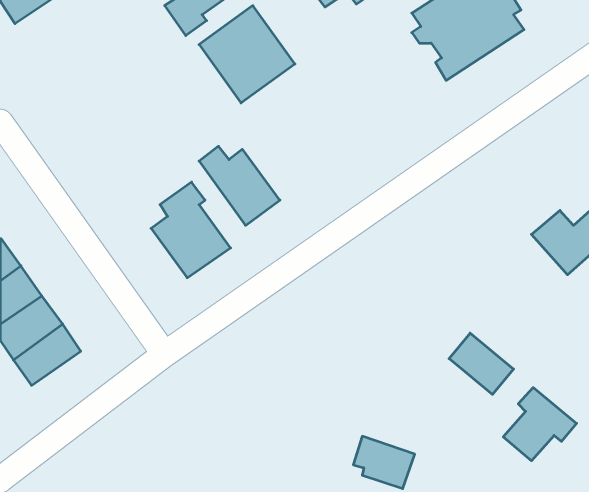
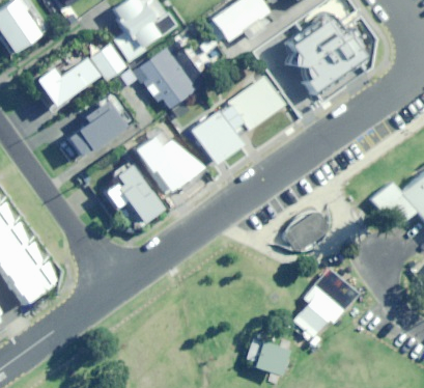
building: none -> [89,44,125,81]
building: none -> [33,57,95,107]
building: none -> [189,77,284,165]
building: none -> [67,95,132,157]
building: none -> [283,212,327,250]
building: [503,388,577,461] -> [291,285,342,336]

